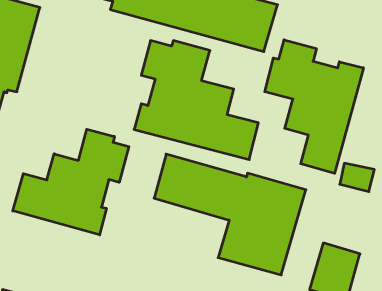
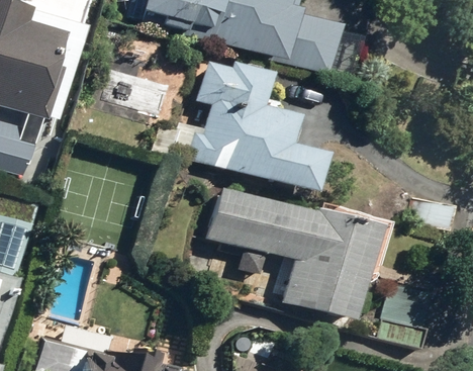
building: [265,40,363,173] -> none
building: [13,129,129,235] -> none

